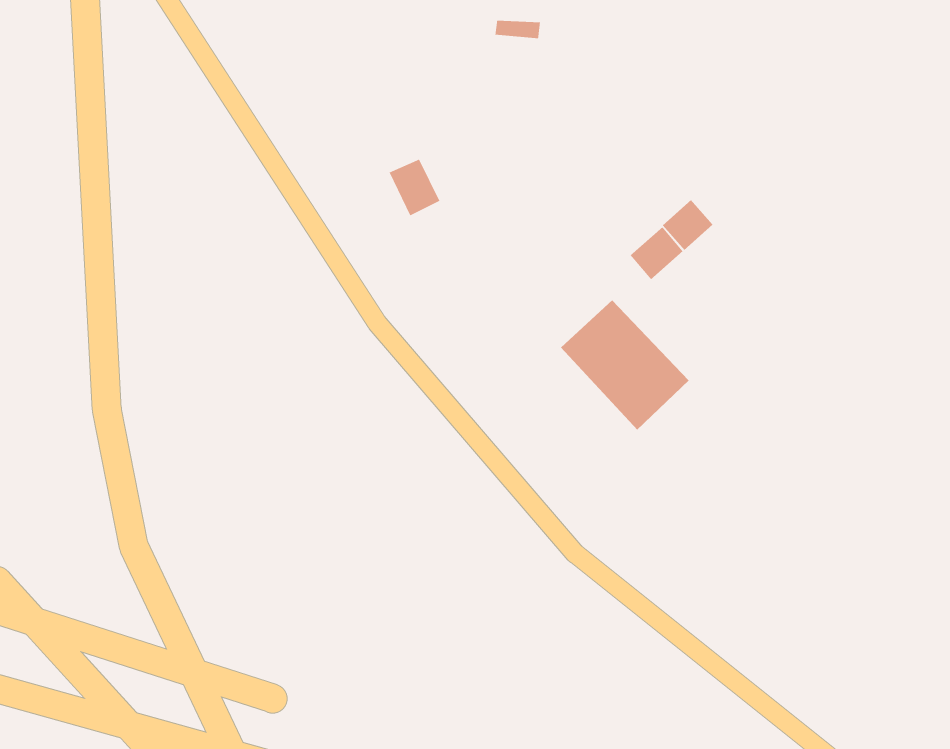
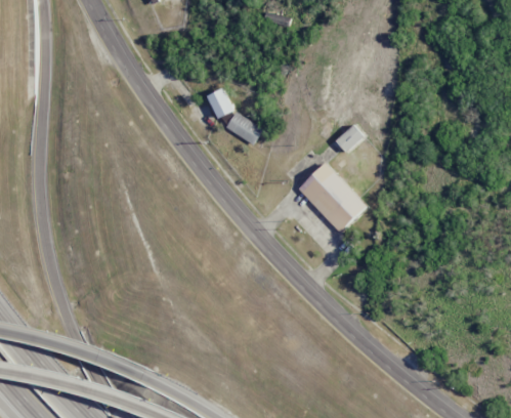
building: [662,199,713,251] -> none
building: none -> [225,113,263,144]

